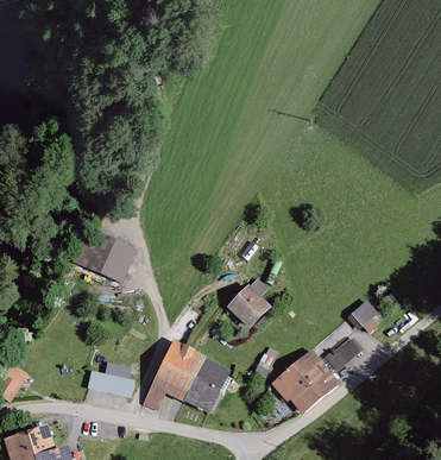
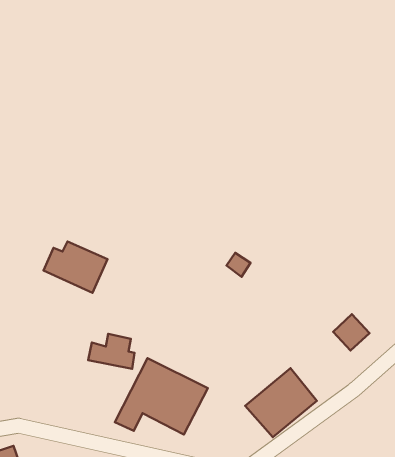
building: [220,282,273,333] -> none
building: [326,340,364,370] -> none
building: [88,363,132,396] -> [88,334,135,369]

